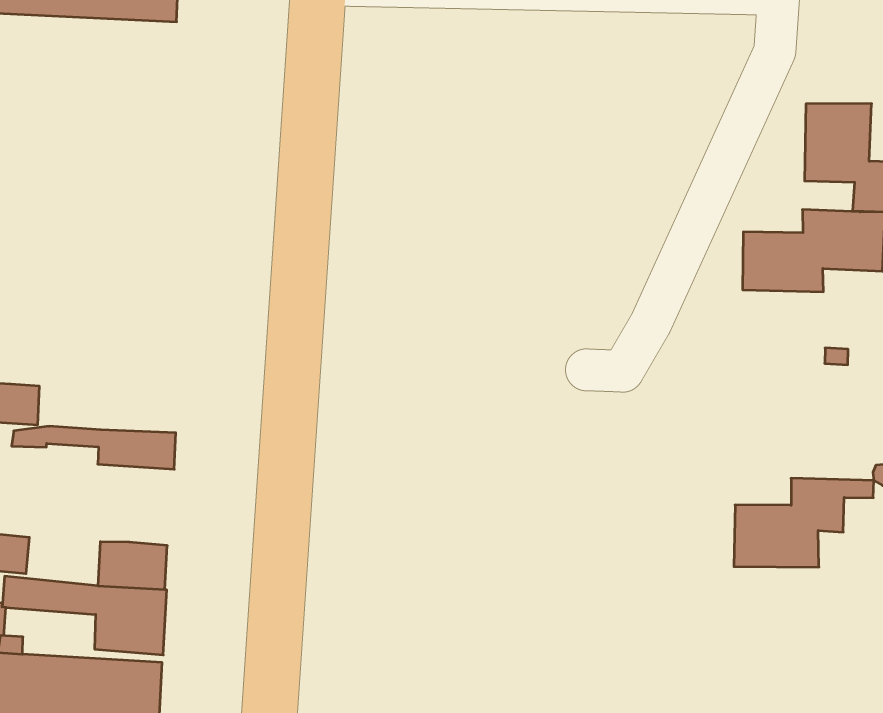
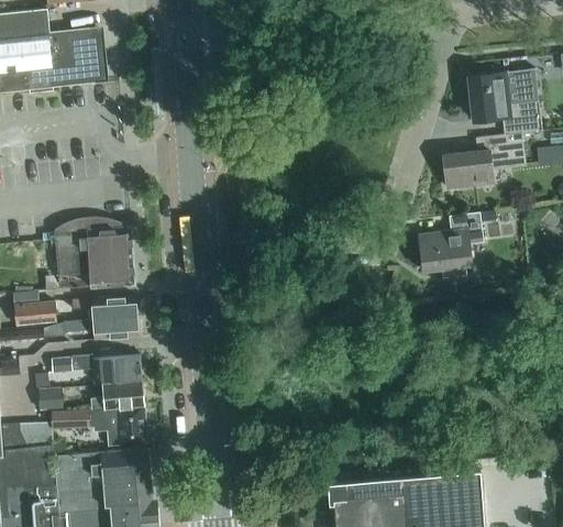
building: none -> [54,219,133,287]
building: none -> [76,296,135,320]
building: [734,478,874,567] -> [418,210,496,271]
building: none -> [58,355,140,382]

